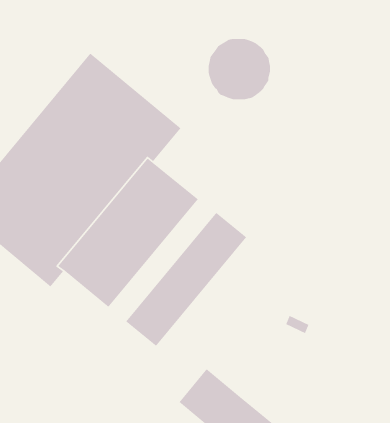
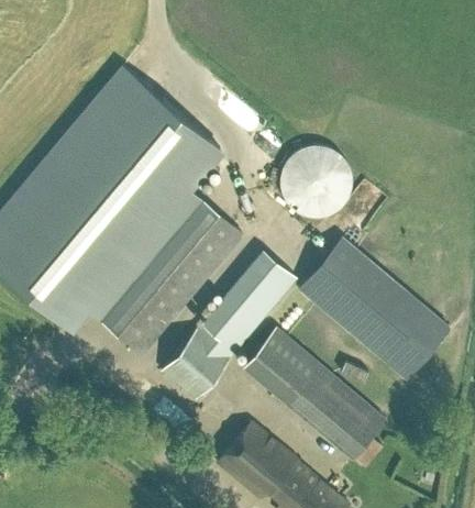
building: [208,38,271,100] -> [280,145,352,216]
building: none -> [299,238,450,379]
building: none -> [242,330,385,460]

